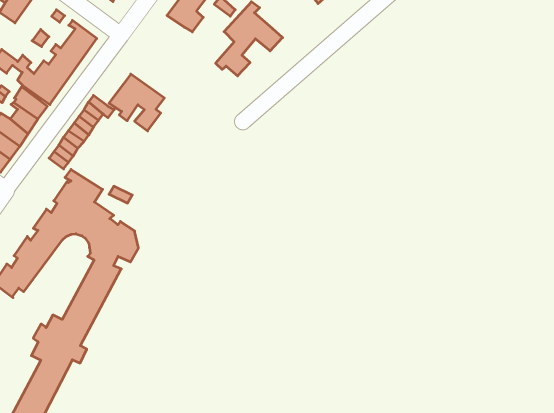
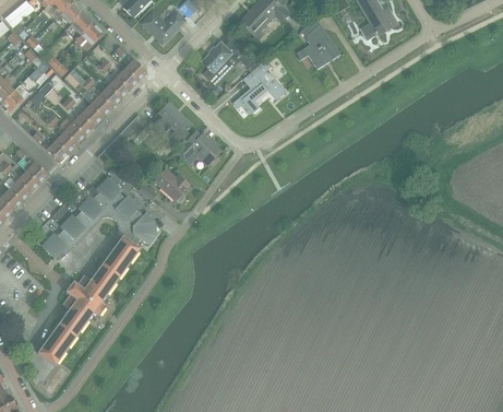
building: none -> [175,131,219,164]
building: none -> [153,167,189,201]

